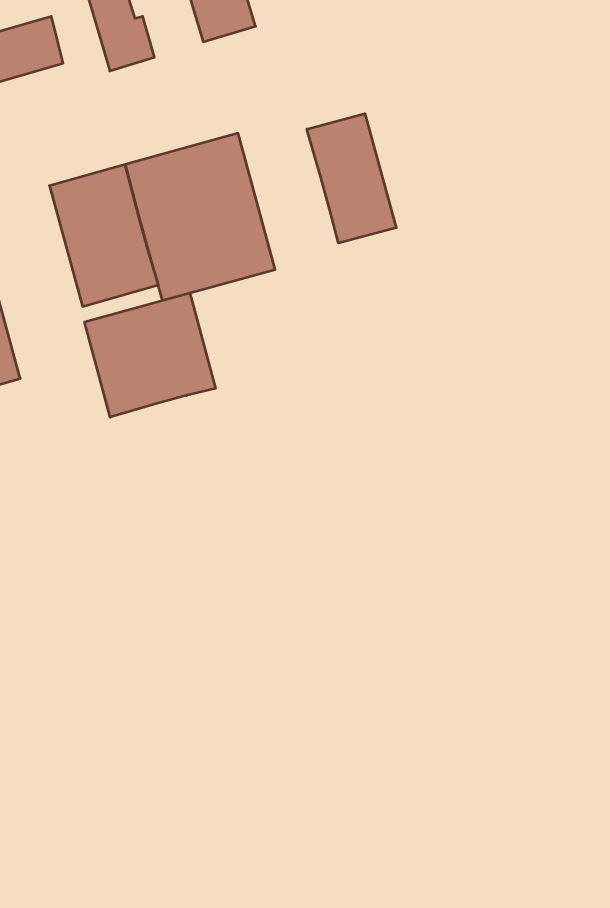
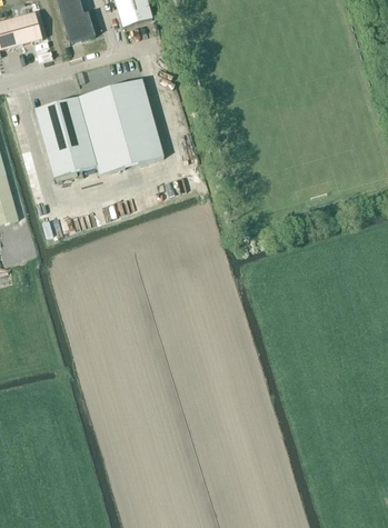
building: [307,114,396,243] -> none
building: [85,293,216,417] -> none

